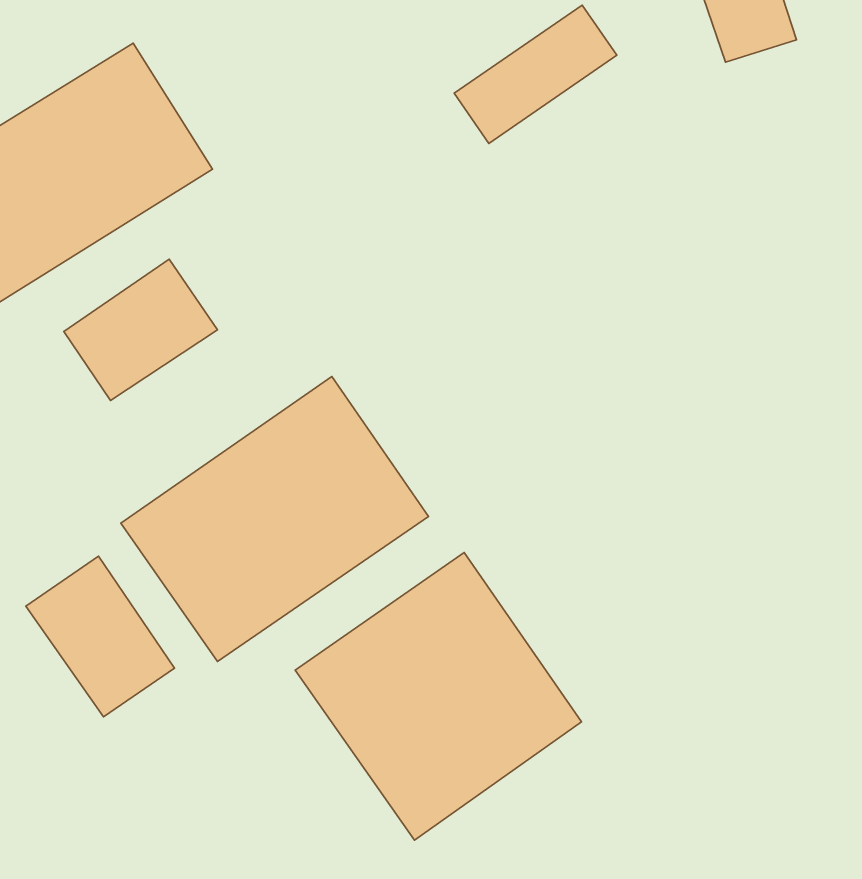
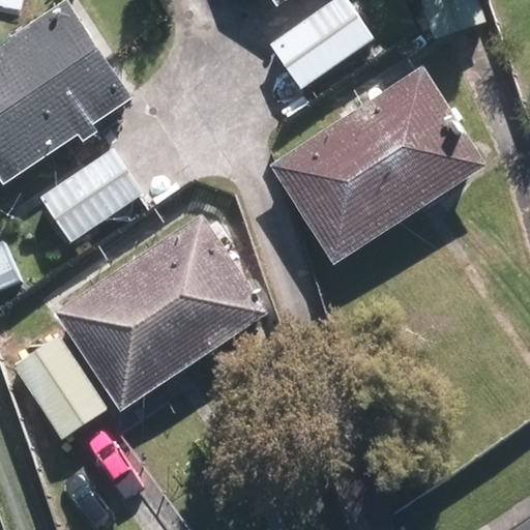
building: none -> [283,78,478,251]
building: [295,553,582,840] -> none

